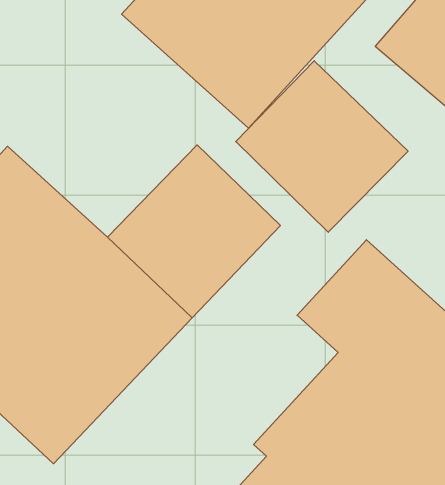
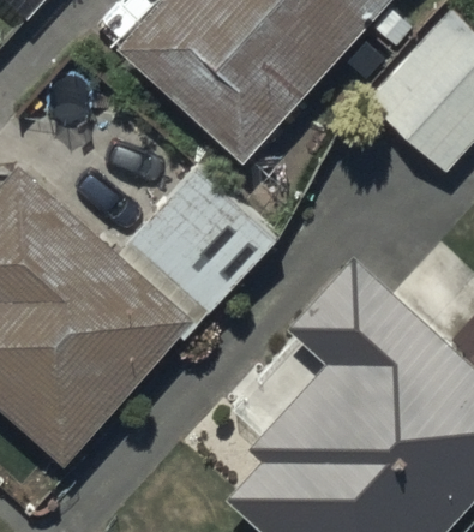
building: [236,61,408,232] -> none

